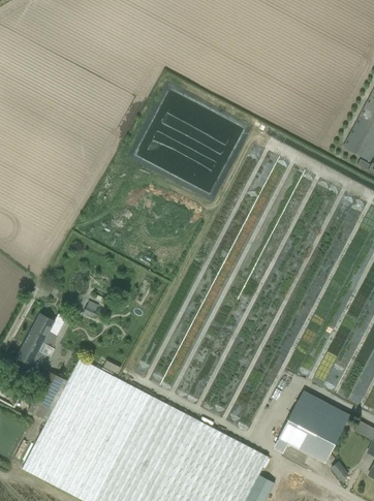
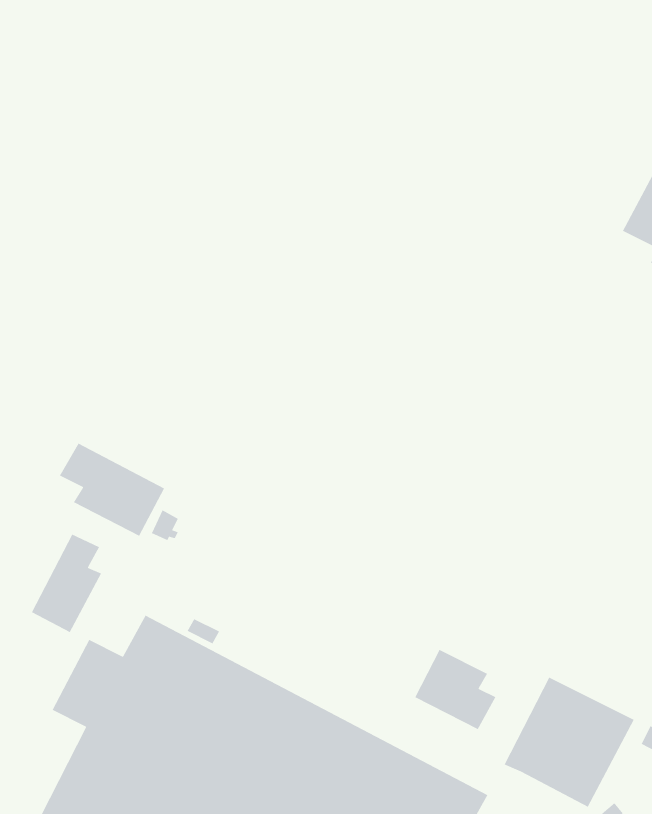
building: none -> [59,443,165,537]
building: none -> [414,649,497,730]

